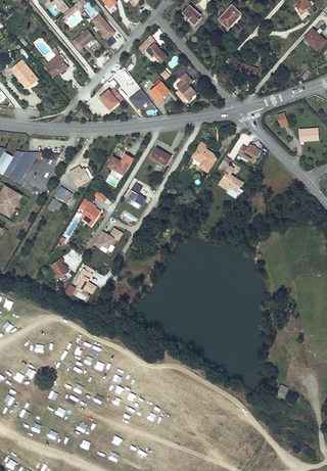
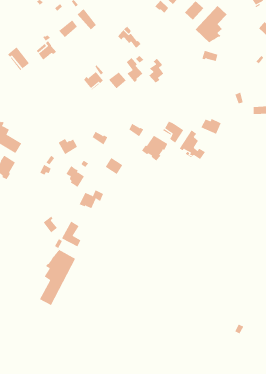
building: none -> [195,5,227,44]
building: [10,150,41,173] -> none
building: none -> [141,135,168,161]
building: none -> [39,249,76,306]

